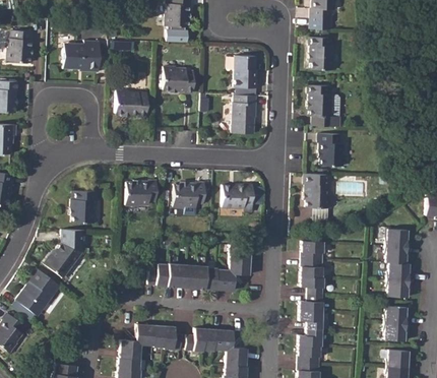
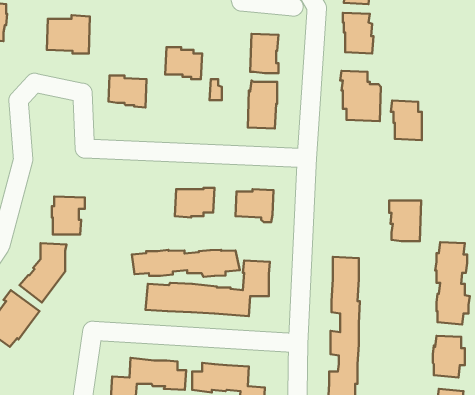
building: [318,136,344,169] -> [391,101,422,140]
building: [304,177,330,210] -> [389,201,421,241]
building: [125,182,157,206] -> none
building: none -> [132,250,240,277]

